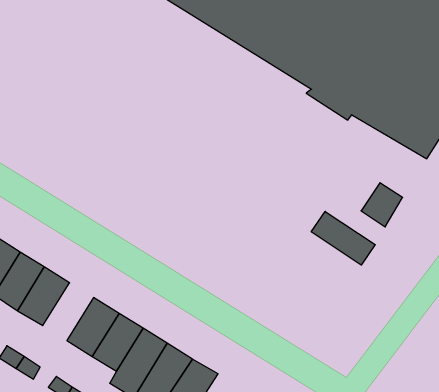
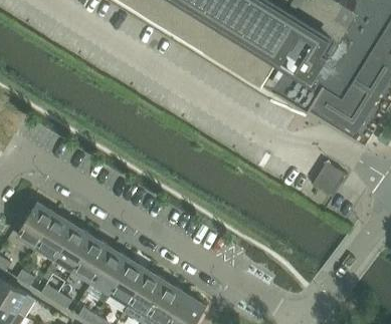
building: [311,211,375,265] -> none
building: none -> [71,238,110,281]

